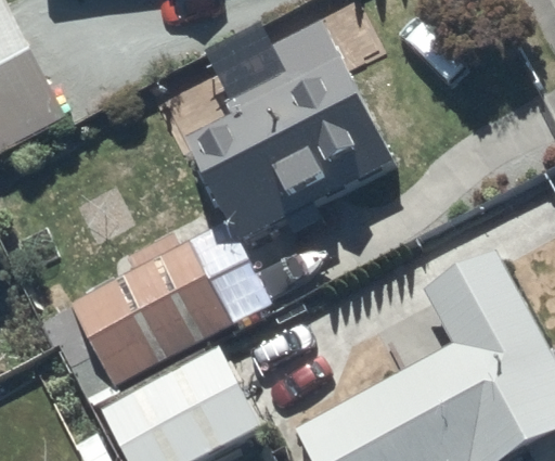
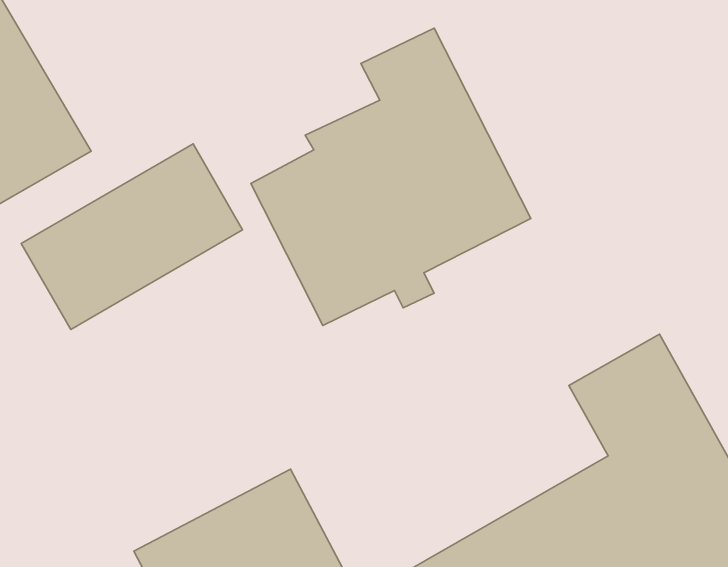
building: none -> [21,144,242,329]
building: [53,233,231,386] -> none

